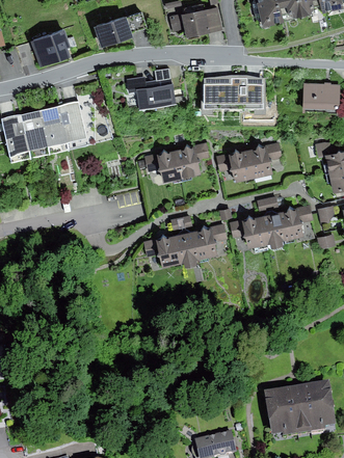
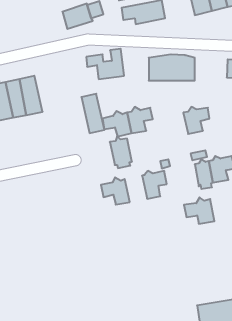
building: [30,26,70,64] -> none
building: [59,99,88,149] -> [81,94,104,133]
building: [216,145,254,181] -> none
building: [229,213,267,246] -> [184,197,214,224]
building: [174,226,202,267] -> [110,136,132,168]

